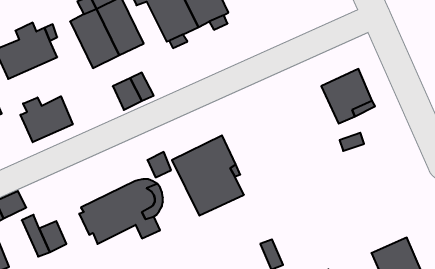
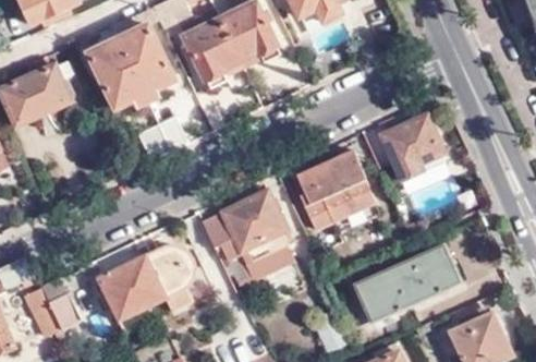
building: [20,96,73,142] -> none
building: none -> [292,150,377,222]
building: none -> [354,245,458,319]

